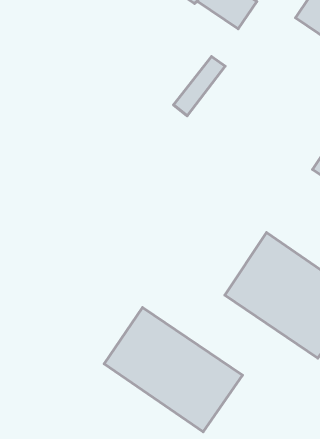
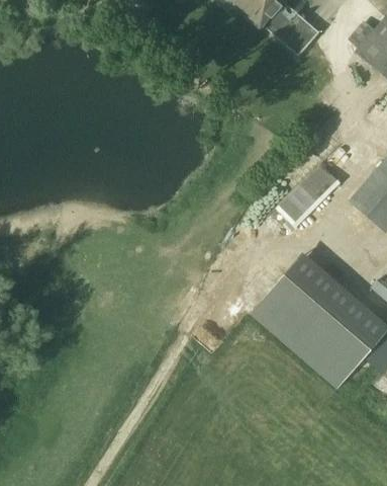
building: [173,56,225,116] -> [279,166,333,221]
building: [104,307,243,432] -> none

